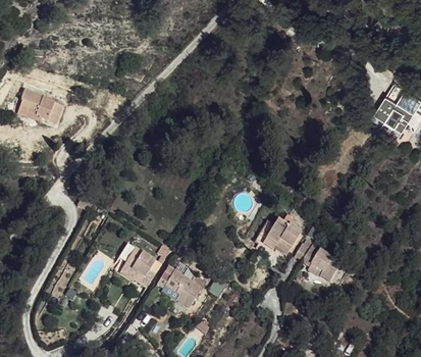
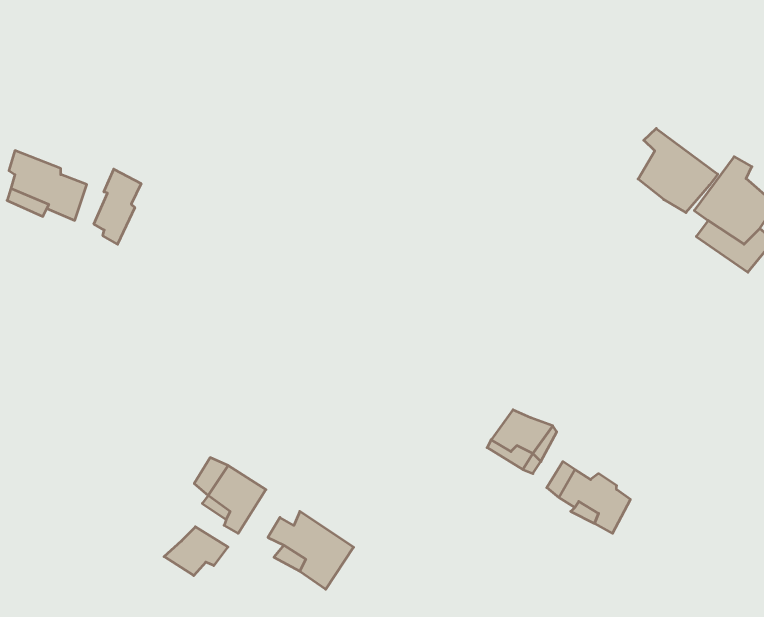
building: none -> [638,128,718,213]
building: none -> [94,169,141,244]
building: none -> [164,527,228,576]

